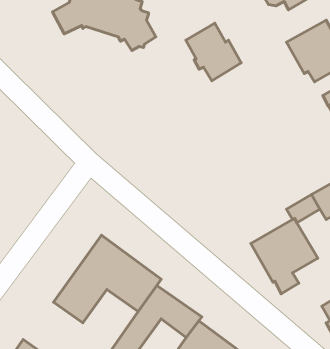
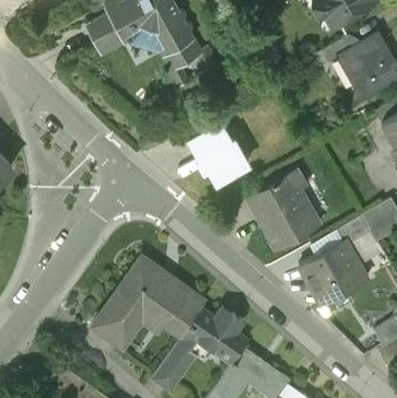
building: [186,23,241,81] -> [188,122,246,183]
building: none -> [246,168,319,248]

